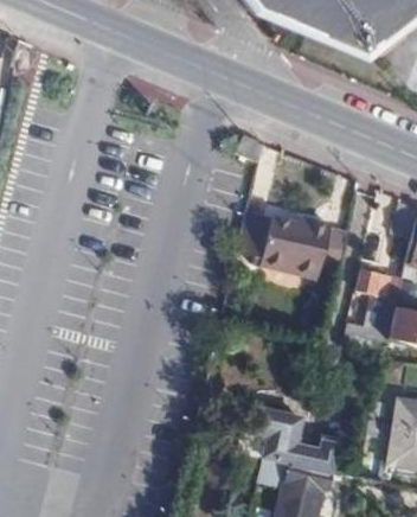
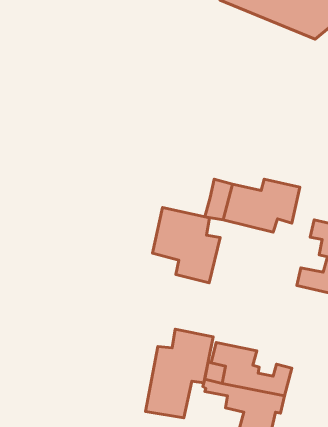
building: none -> [152,208,220,283]
building: none -> [146,329,213,418]

